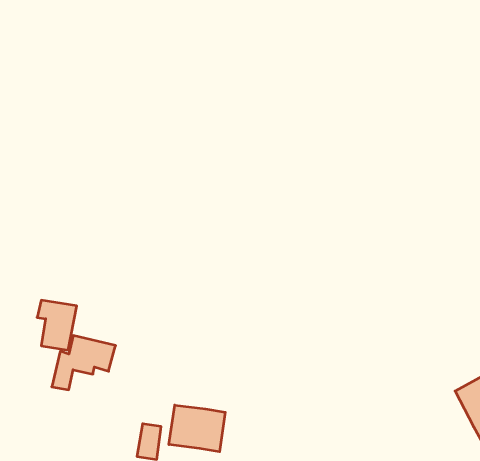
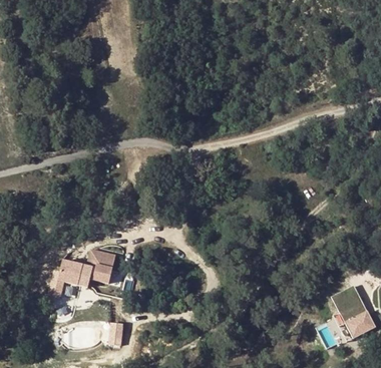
building: [37,300,77,350] -> [86,249,114,284]
building: [169,405,225,452] -> none

